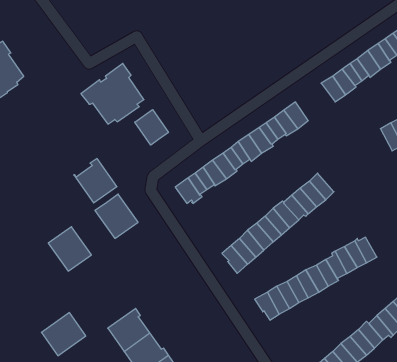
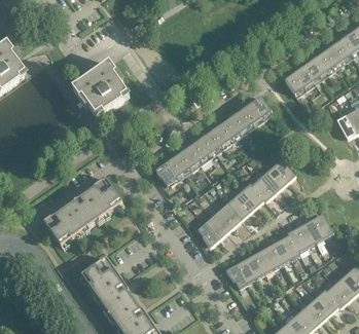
building: [135,110,168,145] -> none
building: [74,159,117,203] -> [64,192,102,231]
building: [41,313,86,356] -> [81,258,120,296]

